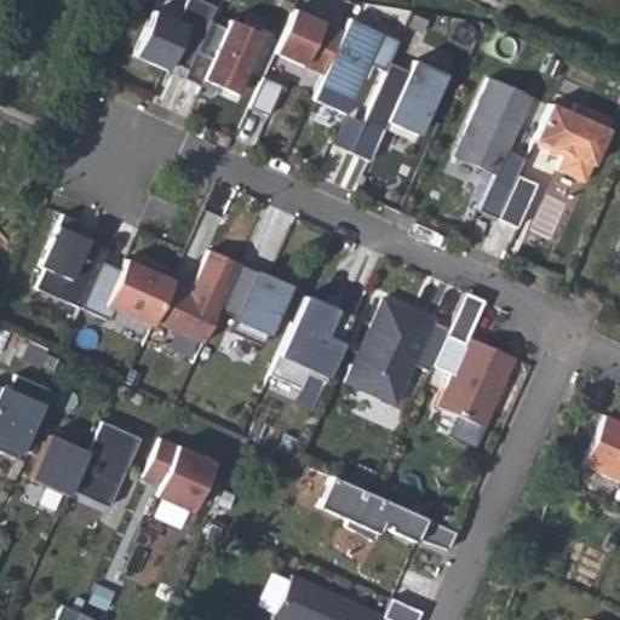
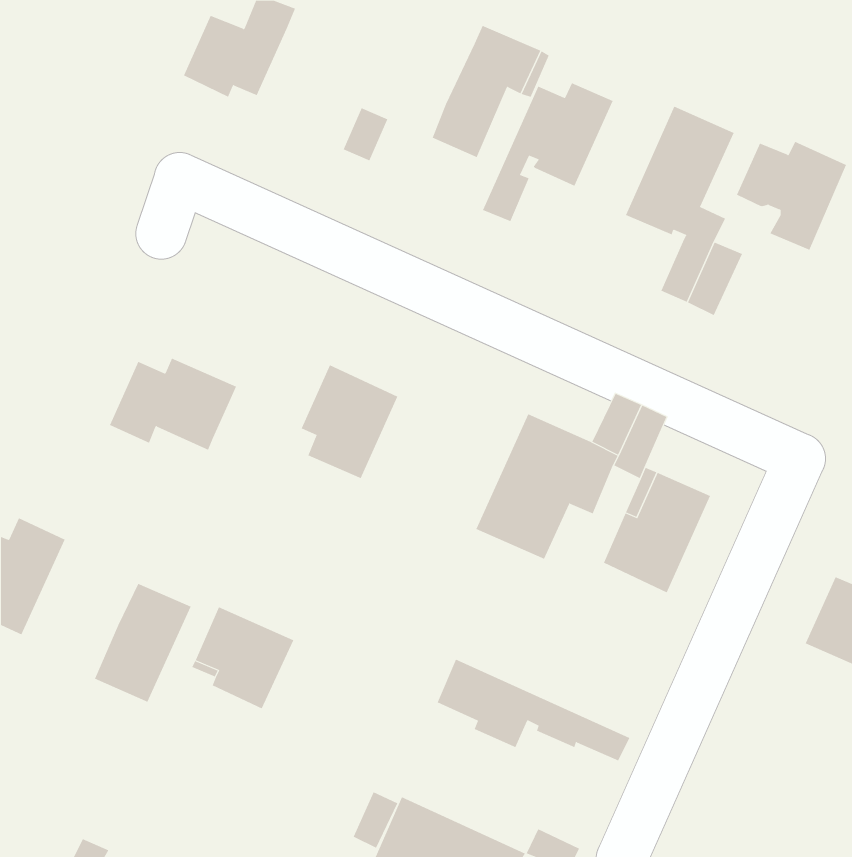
building: [276,11,346,76] -> none
building: [186,21,265,96] -> none
building: [40,214,109,308] -> none
building: [159,251,242,339] -> none
building: [272,297,357,389] -> none
building: [31,435,90,496] -> none

